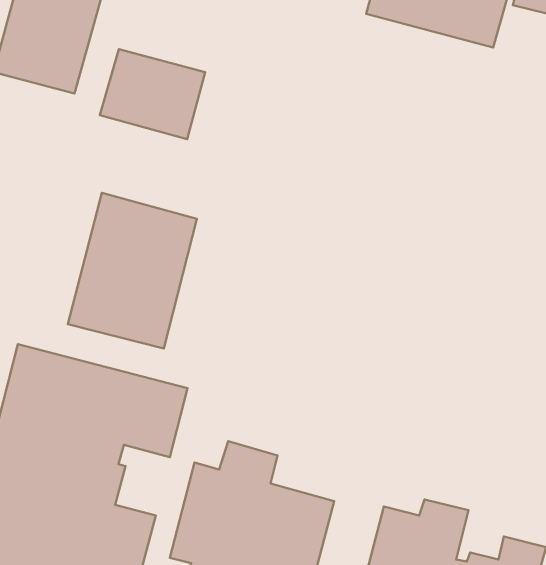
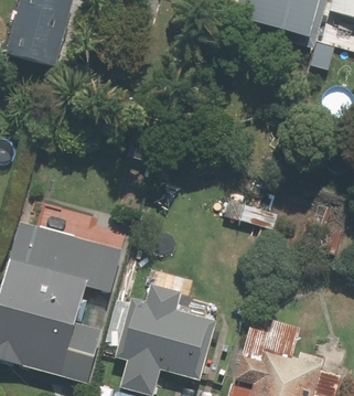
building: [100,49,205,139] -> none
building: [68,193,197,348] -> none

